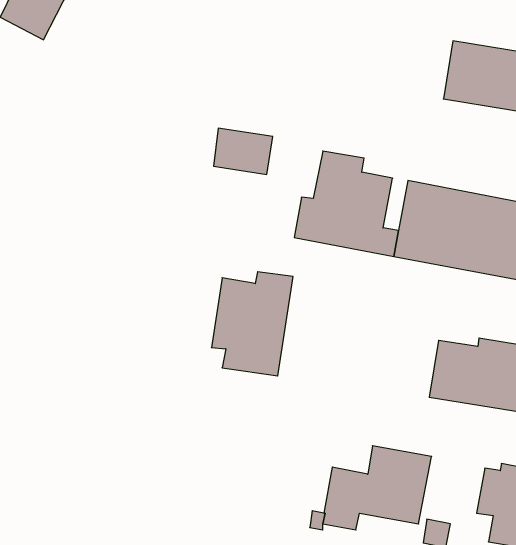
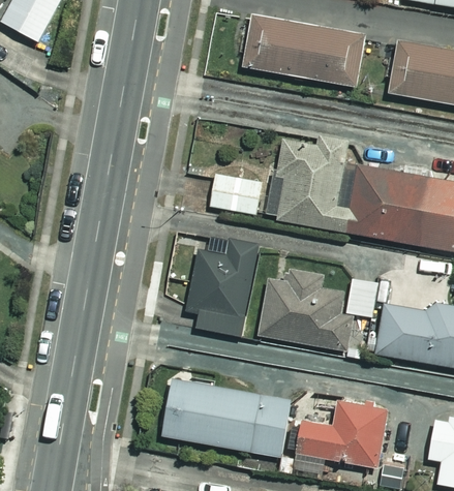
building: none -> [244,17,364,87]
building: [214,128,273,174] -> [211,174,263,214]
building: none -> [256,268,377,348]
building: none -> [153,375,283,454]

